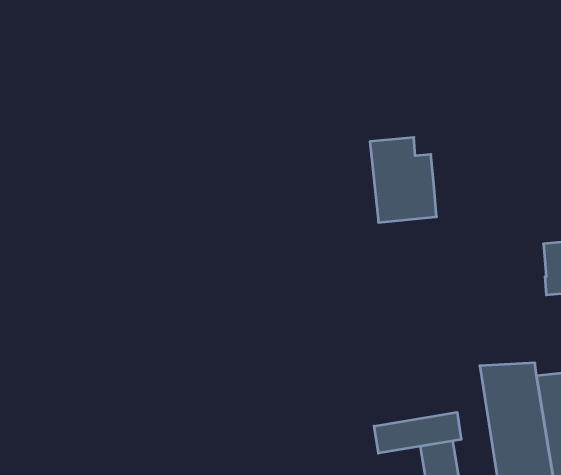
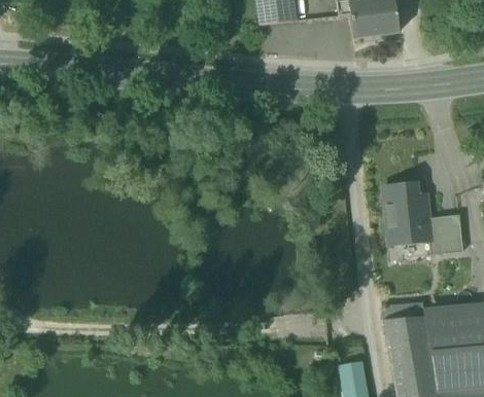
building: [370,137,437,222] -> [382,183,430,245]
building: [374,412,461,453] -> none

